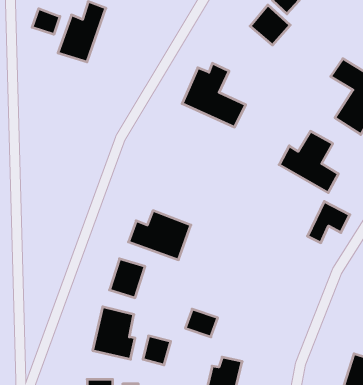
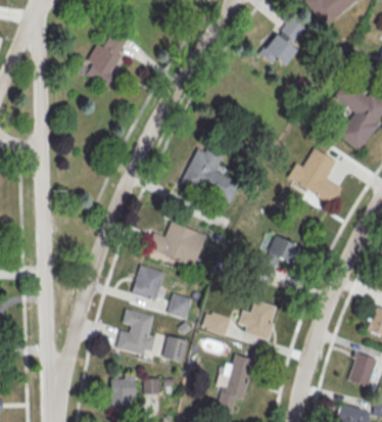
building: [32,9,60,34] -> none
building: [182,63,246,127] -> [182,145,240,203]
building: [307,201,350,243] -> [260,234,299,272]
building: none -> [168,293,191,318]
building: none -> [238,300,277,339]

